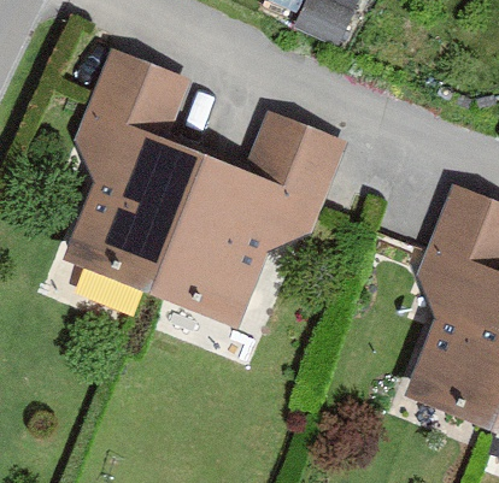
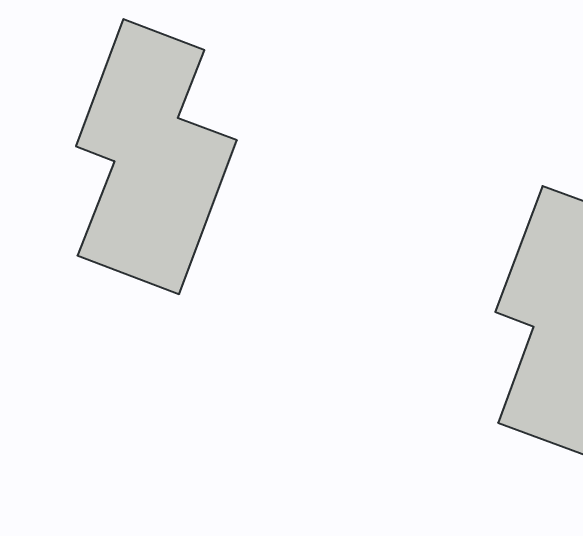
building: [159,123,330,314] -> none

